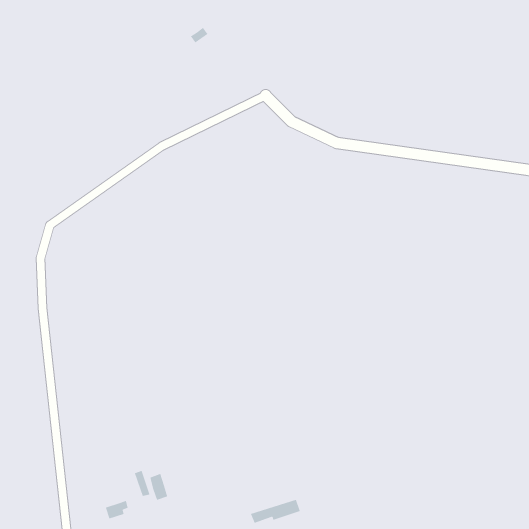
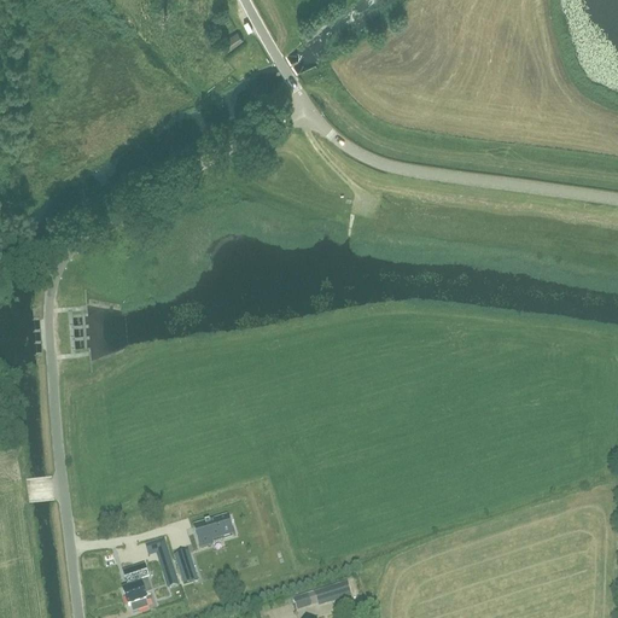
building: none -> [196,511,235,543]

